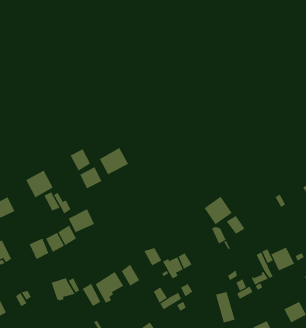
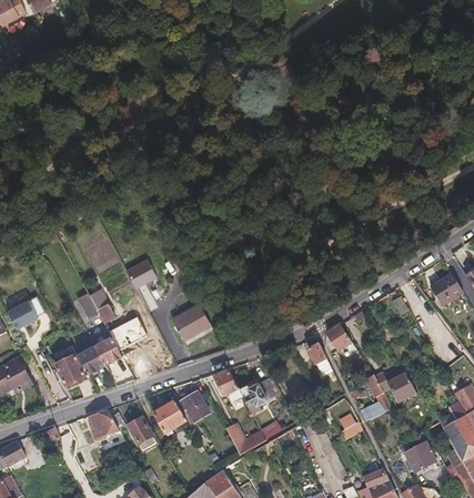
building: [99,147,129,175] -> none
building: [70,148,91,171] -> none
building: [26,170,54,198] -> none
building: [204,196,233,225] -> none
building: none -> [172,303,211,339]

